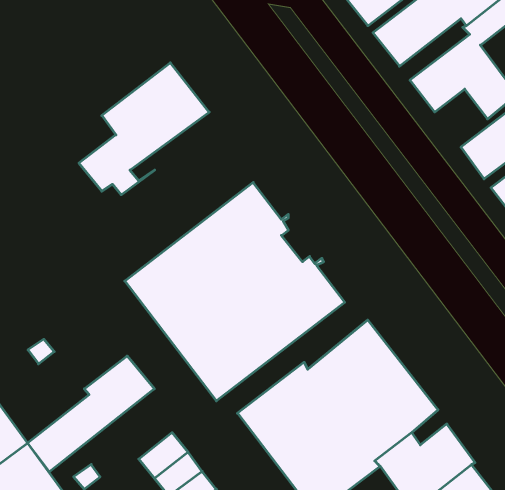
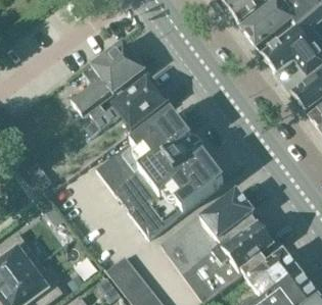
building: none -> [94,79,166,128]
building: [28,356,154,472] -> none

